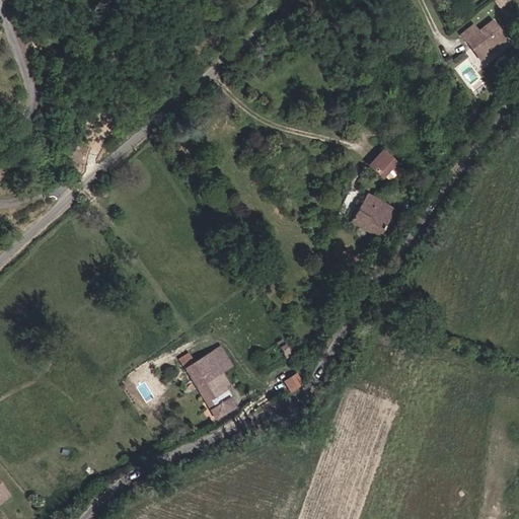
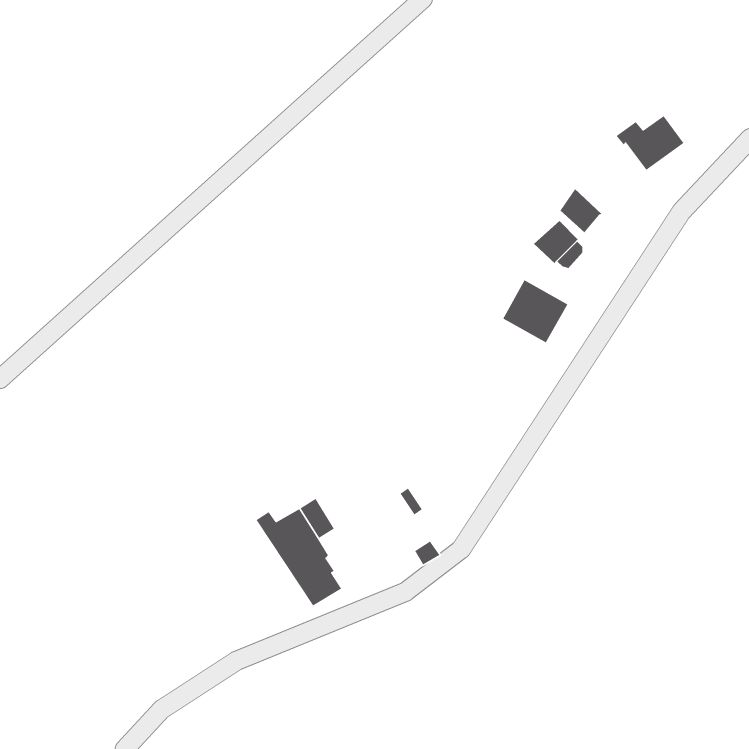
building: [460,20,508,59] -> [615,115,684,171]
building: none -> [559,188,602,233]

